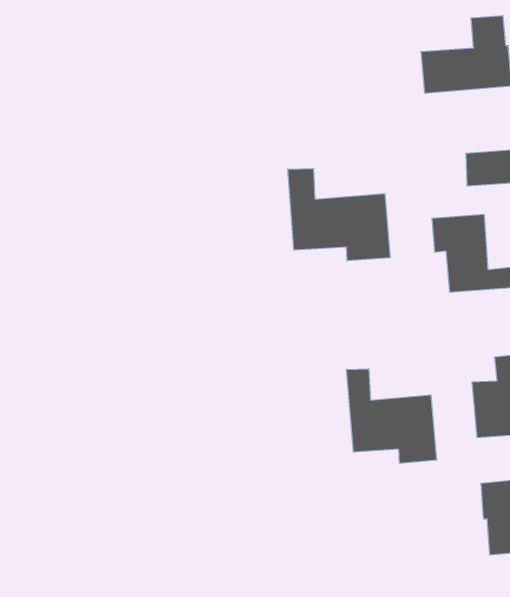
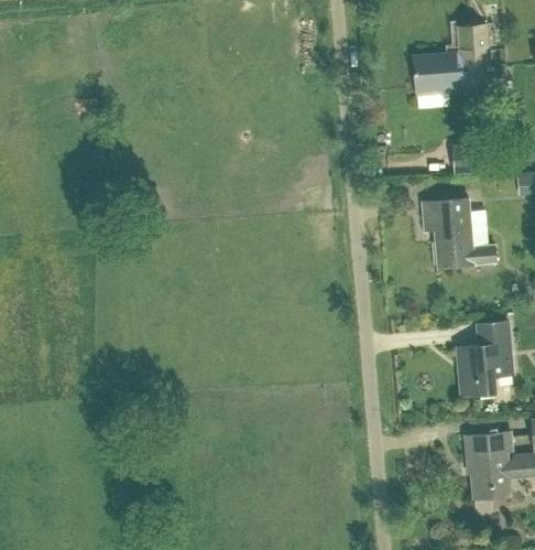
building: [288,168,390,261] -> none
building: [347,369,436,463] -> none

